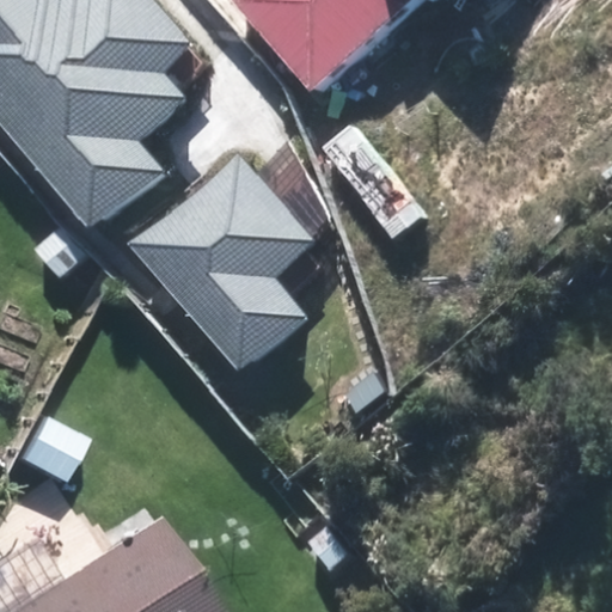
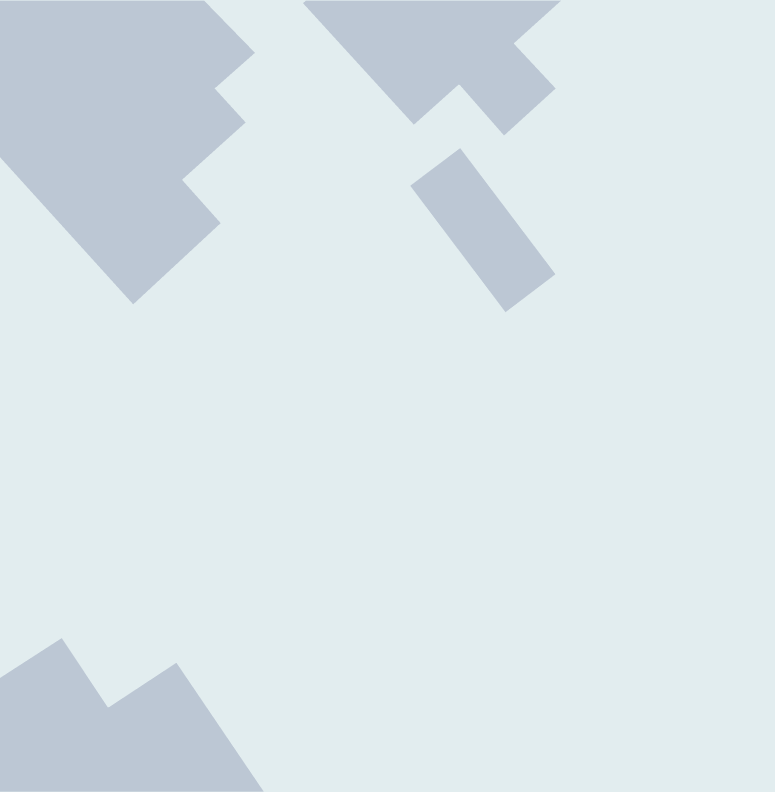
building: [118,146,311,380] -> none

